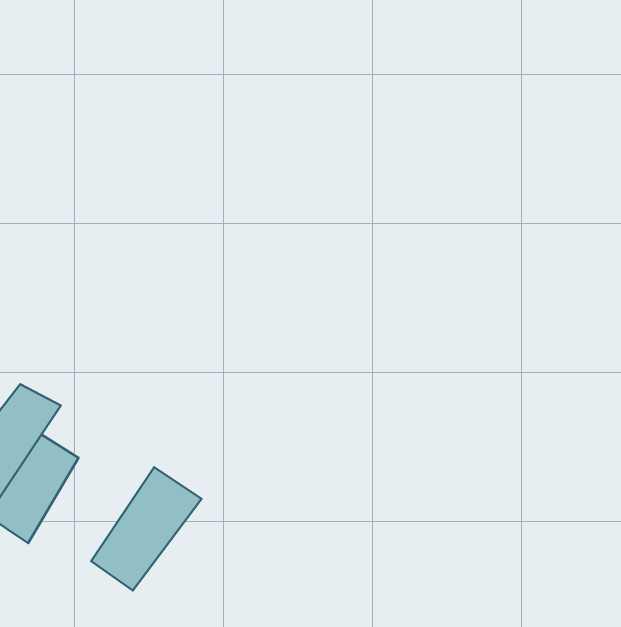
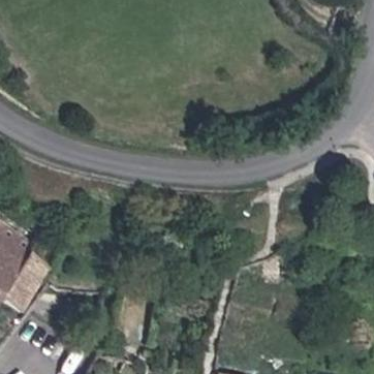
building: [91,467,202,591] -> none

